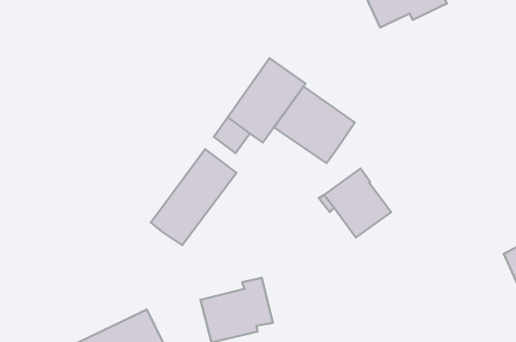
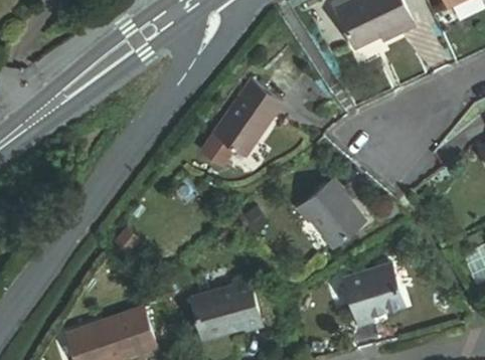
building: [274,86,355,163] -> none
building: [151,149,236,245] -> none
building: none -> [344,271,403,332]

